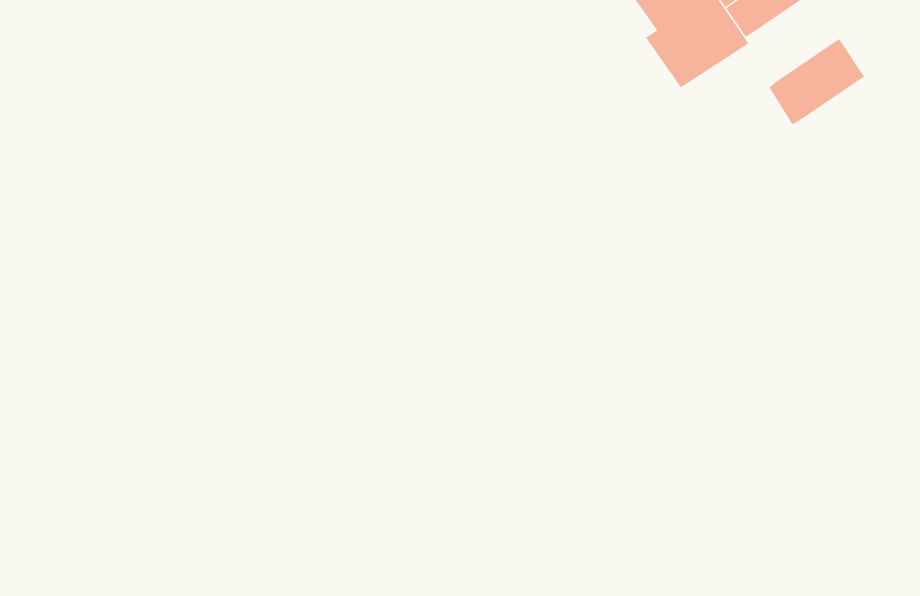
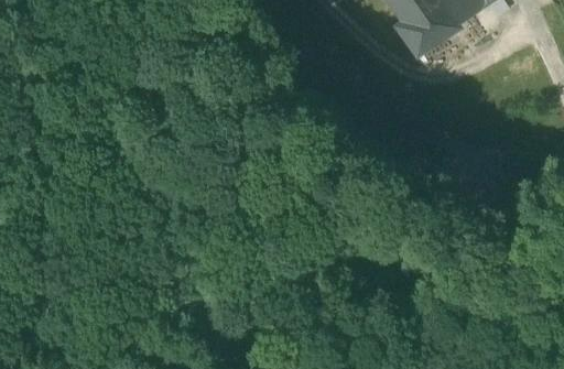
building: [769,38,865,125] -> none

